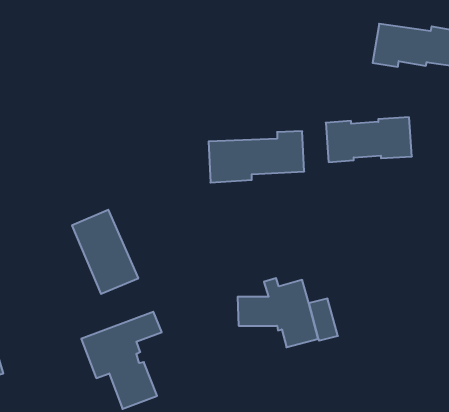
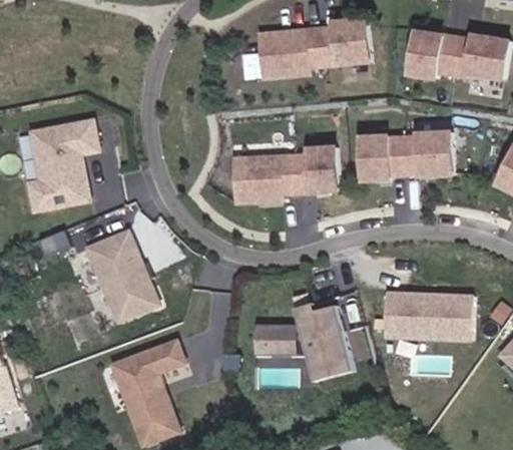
building: none -> [259,19,369,77]
building: none -> [29,120,97,209]
building: none -> [383,292,471,339]

